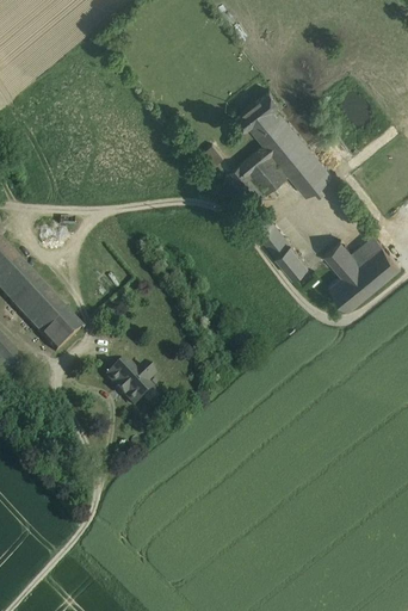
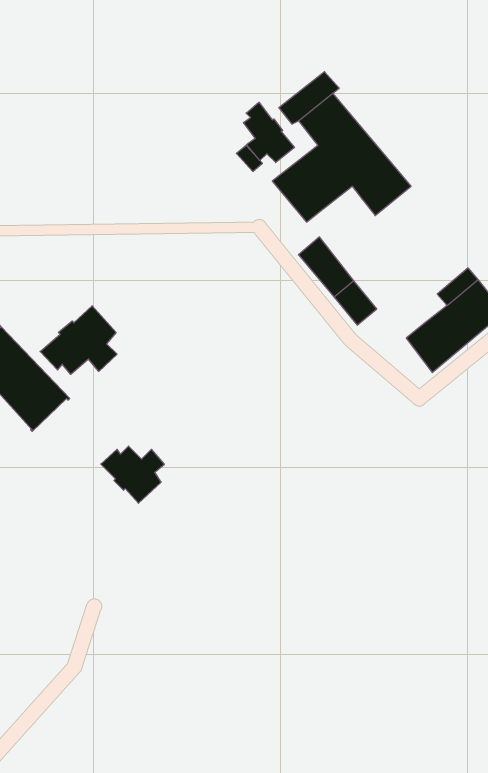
building: none -> [243,102,294,163]
building: [324,237,359,272] -> none
building: none -> [40,306,117,374]

